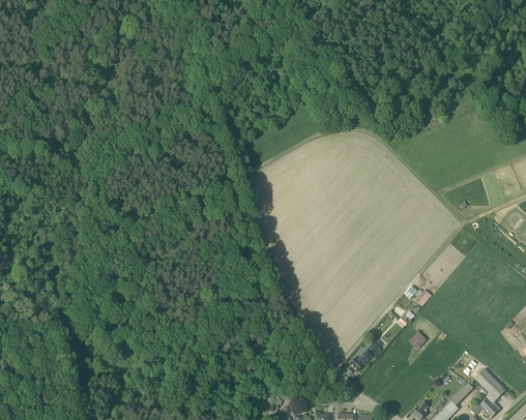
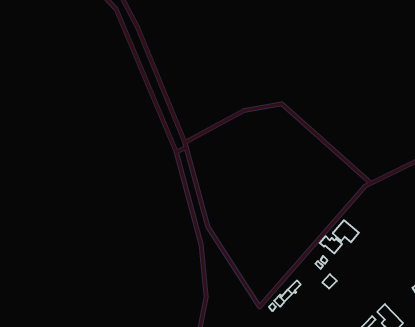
building: none -> [333,220,359,242]

